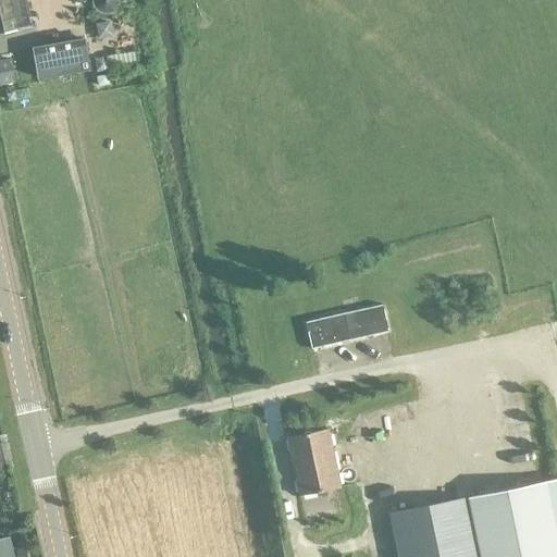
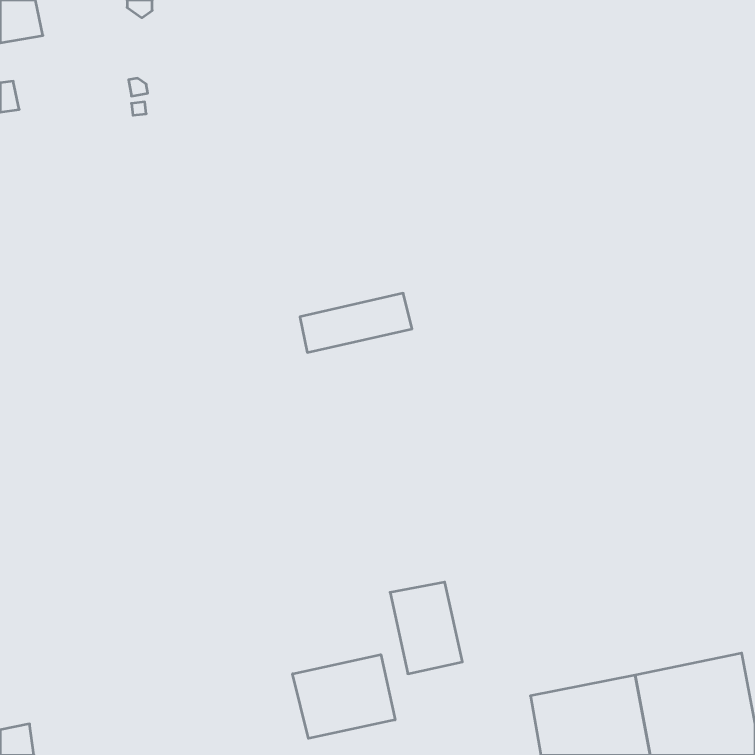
building: [33,39,89,77] -> none
building: [306,305,388,348] -> [300,293,412,352]
building: none -> [293,655,395,738]

